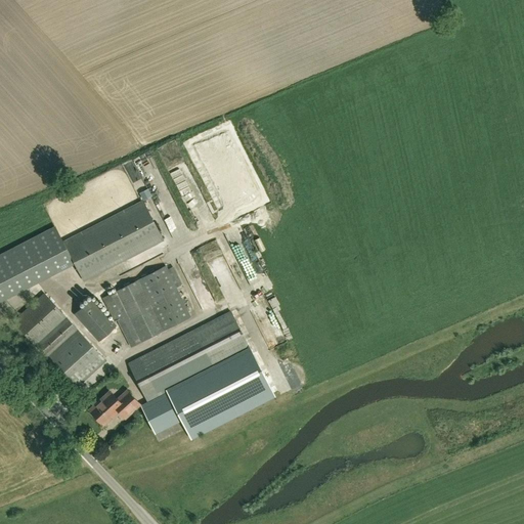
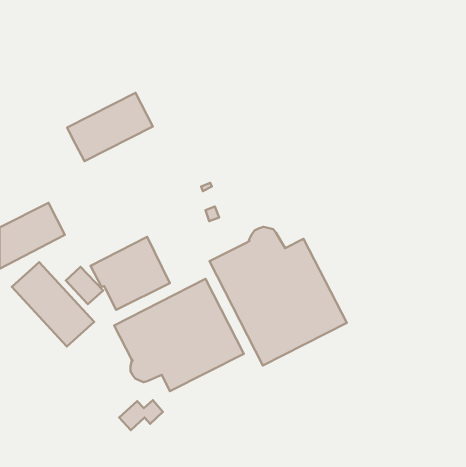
building: [64,203,161,279] -> [67,93,153,161]
building: none -> [210,227,347,366]
building: [89,391,138,425] -> [119,400,163,430]

